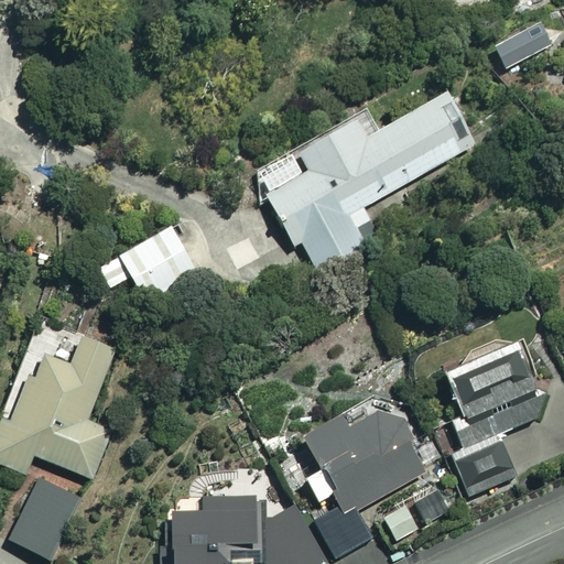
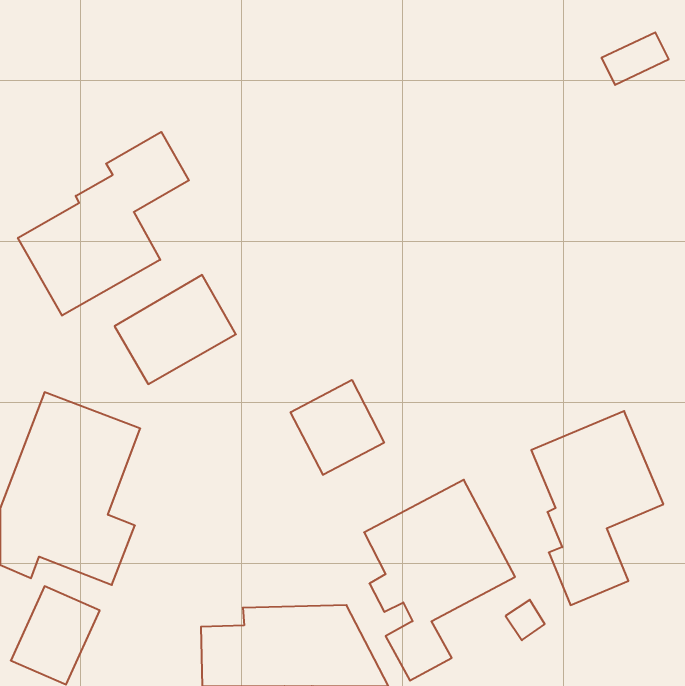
building: [254,67,476,275] -> none
building: none -> [18,132,189,316]
building: none -> [291,380,384,475]

